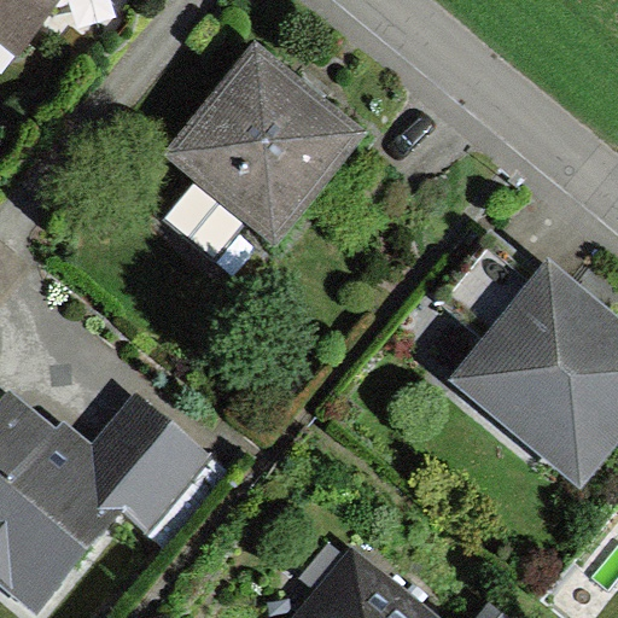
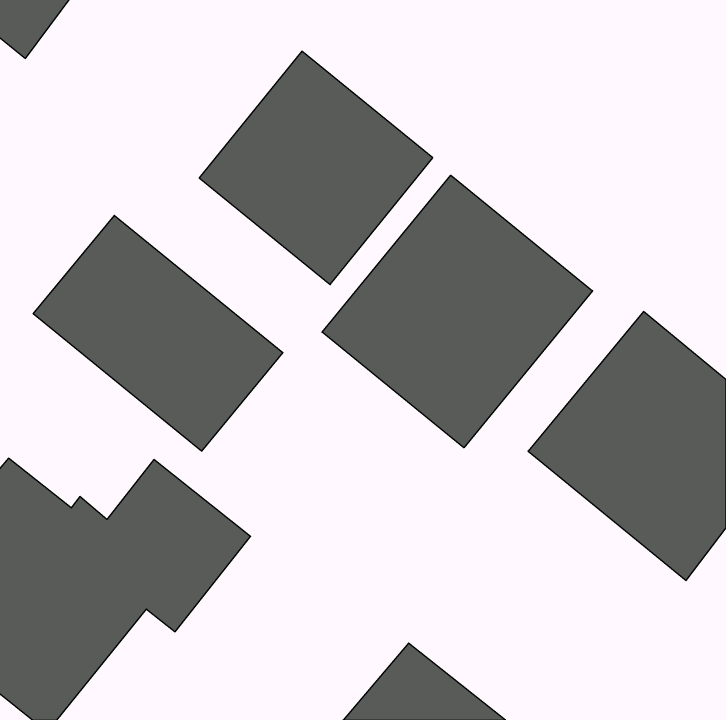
building: none -> [322,175,593,448]
building: none -> [33,215,283,451]

